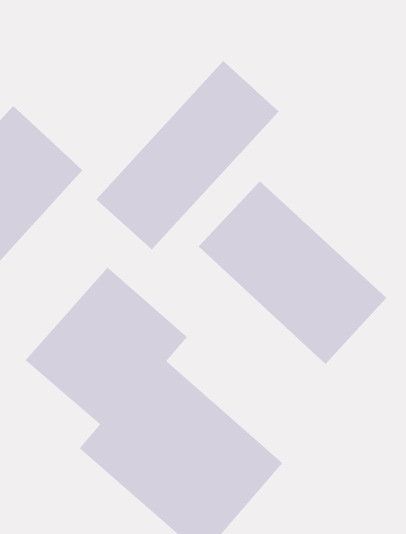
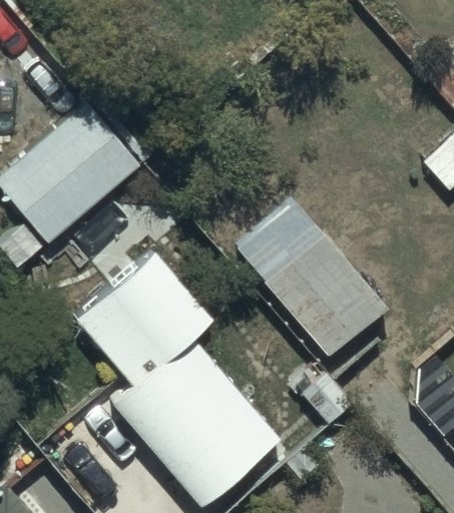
building: [96,60,279,250] -> none

